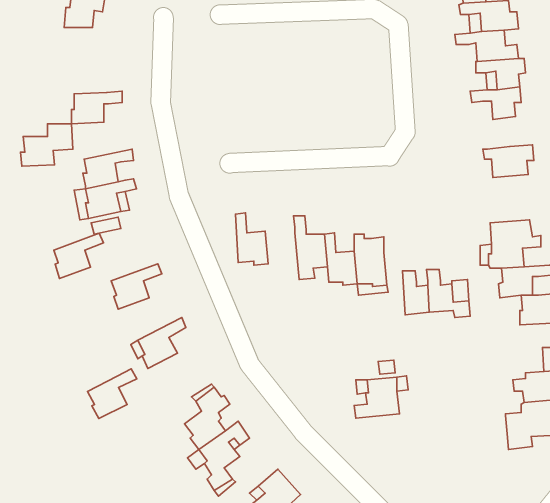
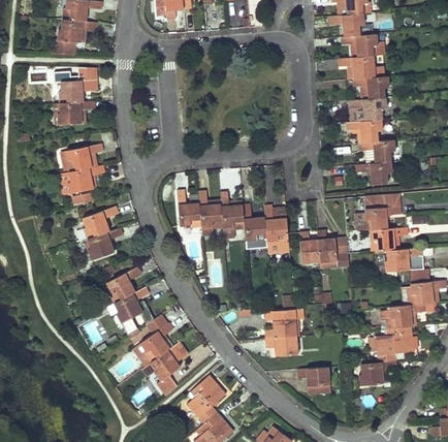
building: none -> [346,119,382,143]
building: [20,124,73,166] -> [59,71,97,102]
building: none -> [355,161,392,185]
building: none -> [199,190,223,235]
building: [54,233,103,278] -> [83,206,119,239]
building: [87,369,137,419] -> [114,286,150,322]
building: none -> [265,336,298,355]
building: none -> [359,359,396,385]
building: none -> [297,367,330,394]

